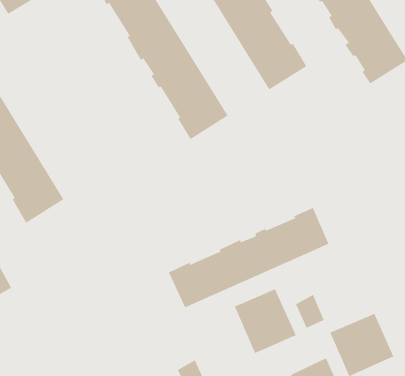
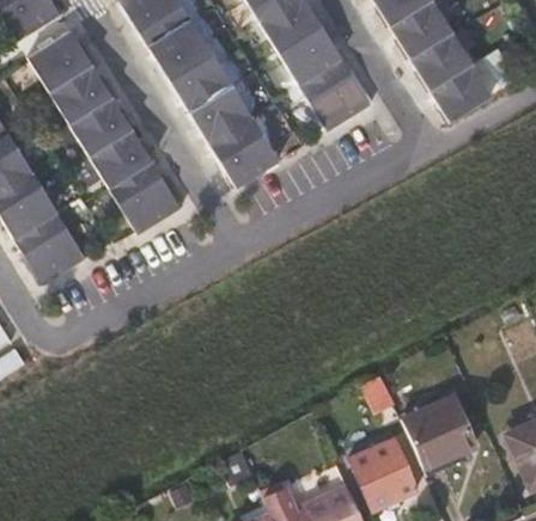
building: none -> [29,29,184,234]
building: [168,207,329,308] -> none
building: [234,288,296,354] -> none

